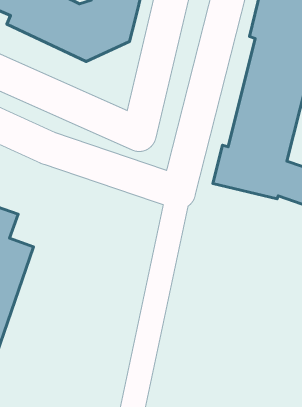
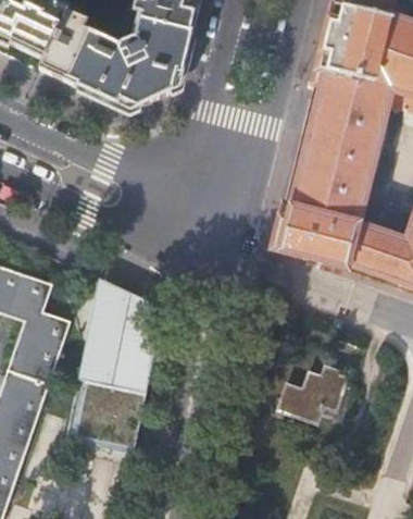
building: none -> [75,280,160,446]
building: none -> [276,367,346,421]

